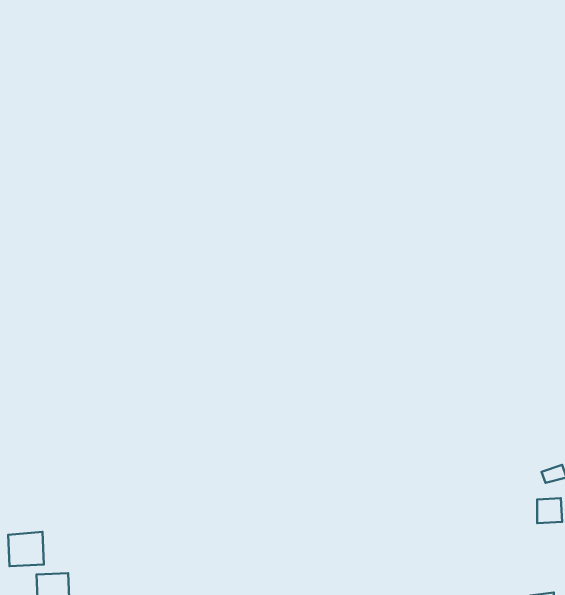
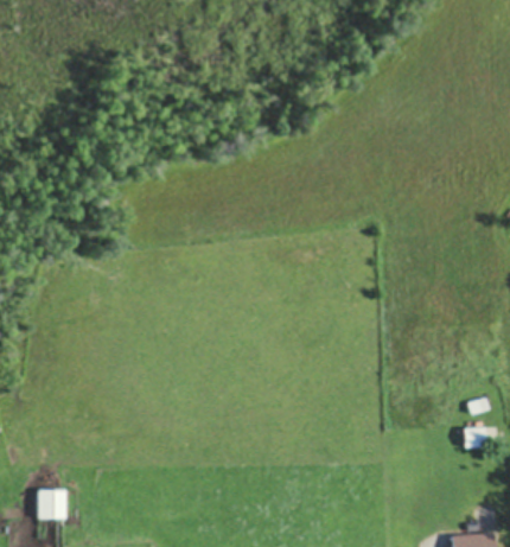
building: [8,532,44,566] -> none

